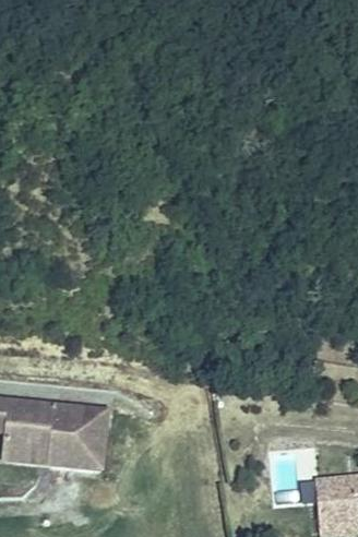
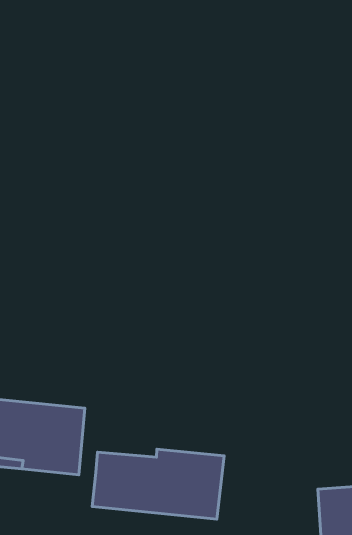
building: none -> [92,449,224,519]

